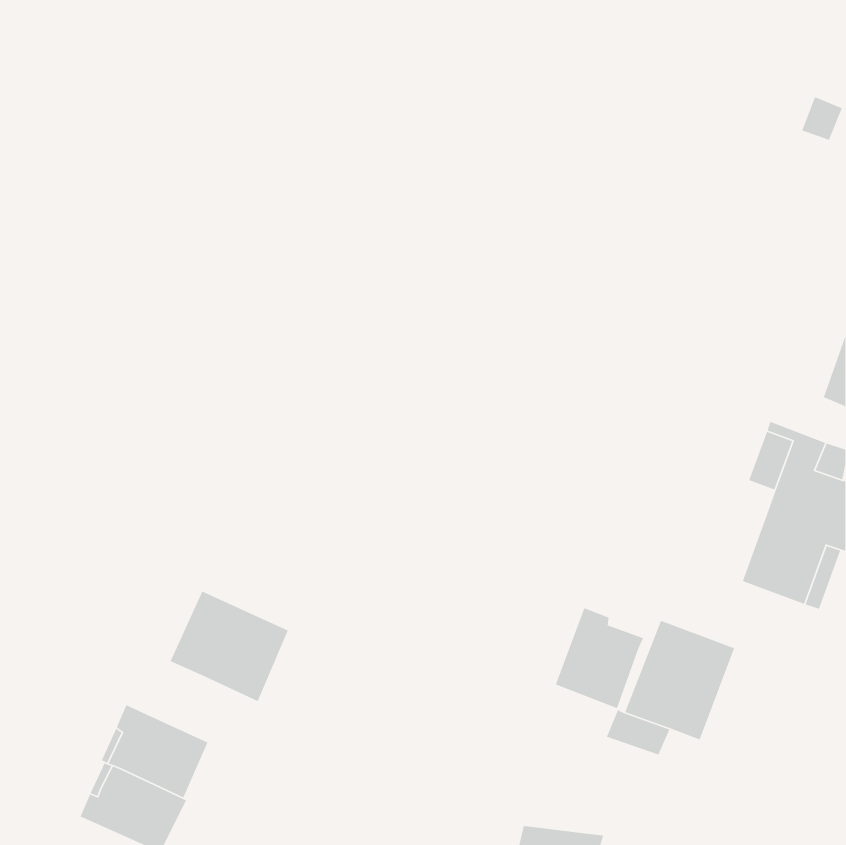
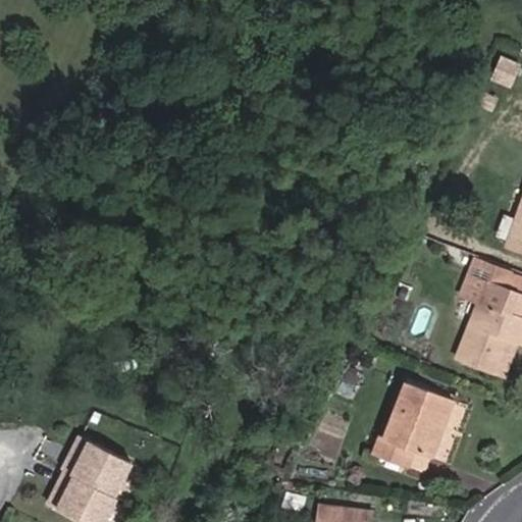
building: [169,591,289,702] -> none
building: [555,607,644,709] -> none

